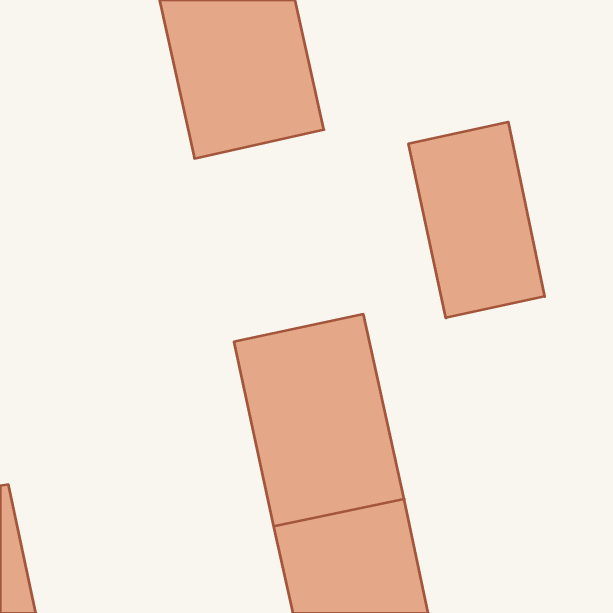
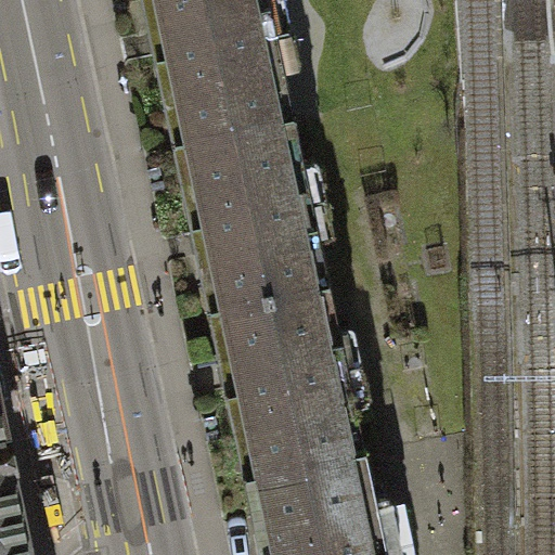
building: [409,122,545,318] -> none
building: none -> [176,117,328,309]

